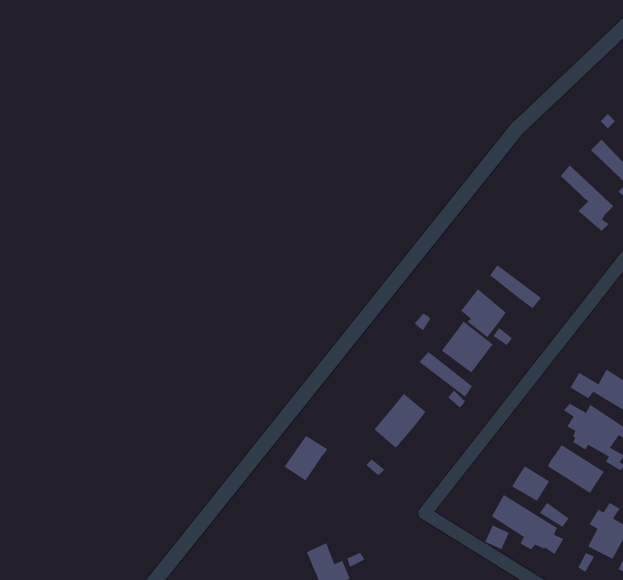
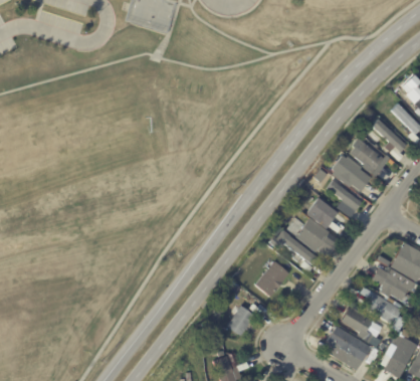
building: none -> [356,143,385,172]
building: none -> [334,155,373,191]
building: [283,435,328,481] -> [228,306,256,335]

